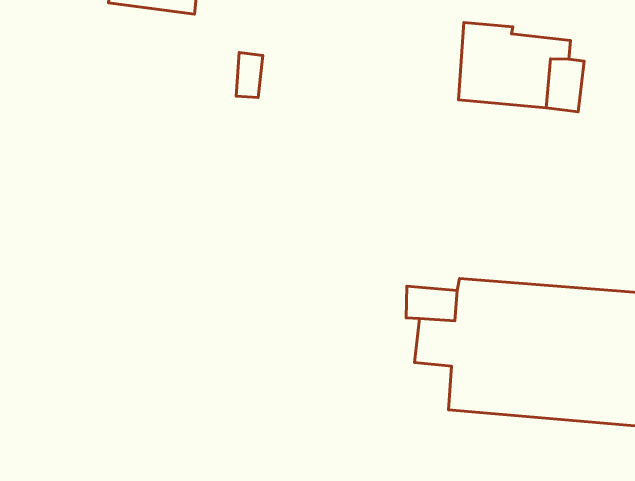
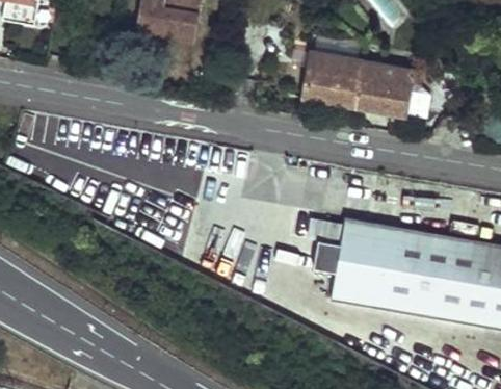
building: none -> [300,51,360,107]

